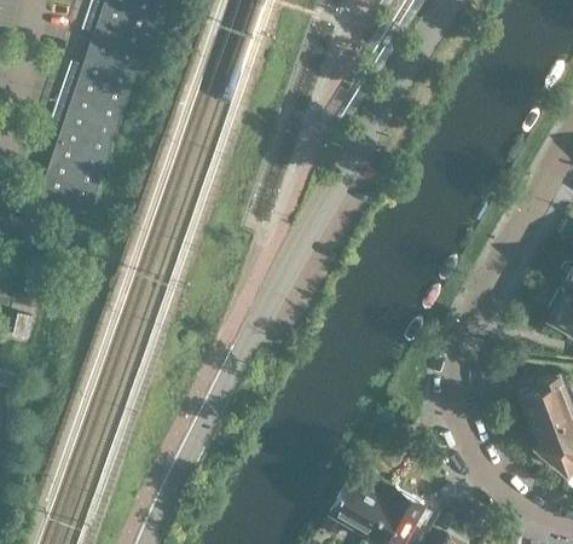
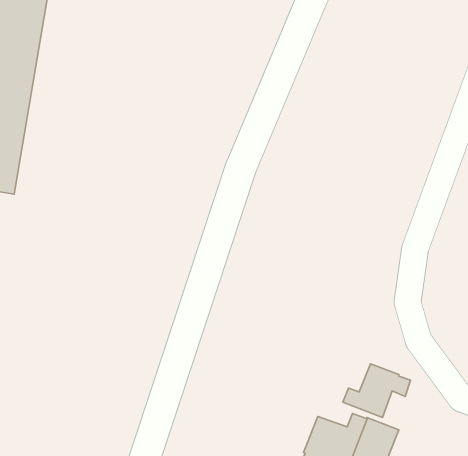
building: none -> [343,364,411,417]

